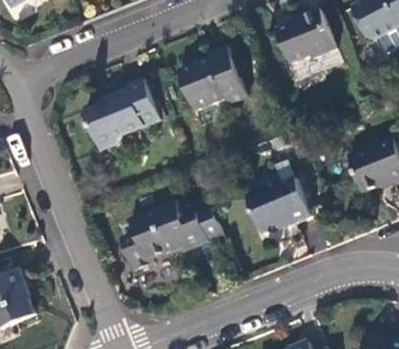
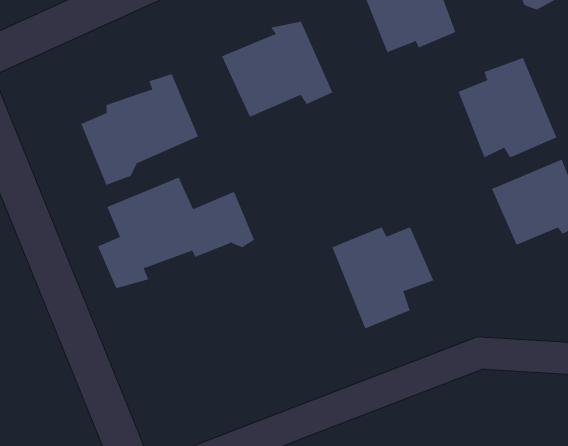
building: none -> [458,57,557,158]
building: [122,199,222,270] -> [97,177,255,289]

